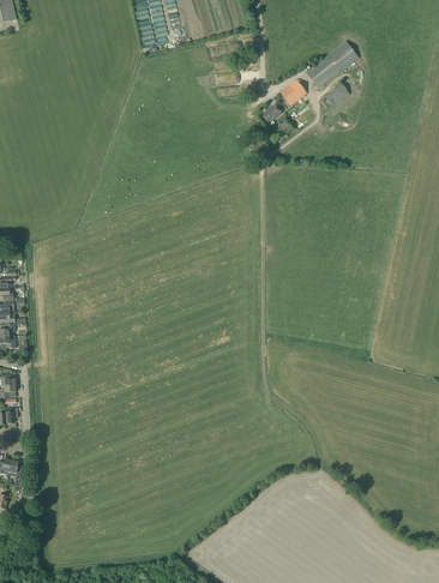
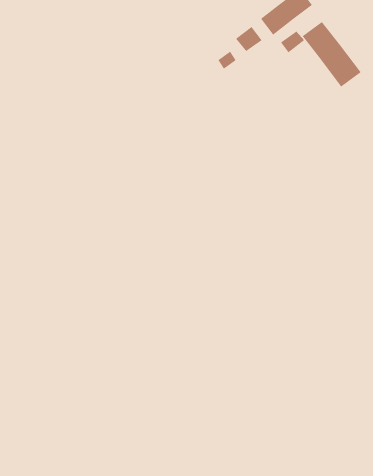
building: none -> [302,21,361,87]

